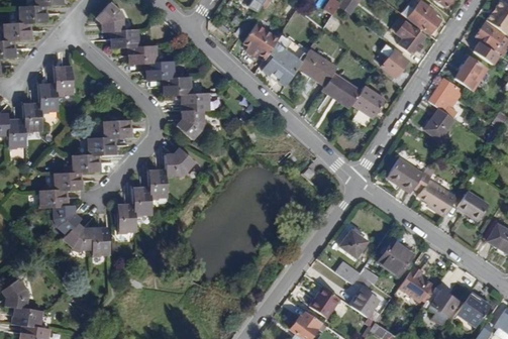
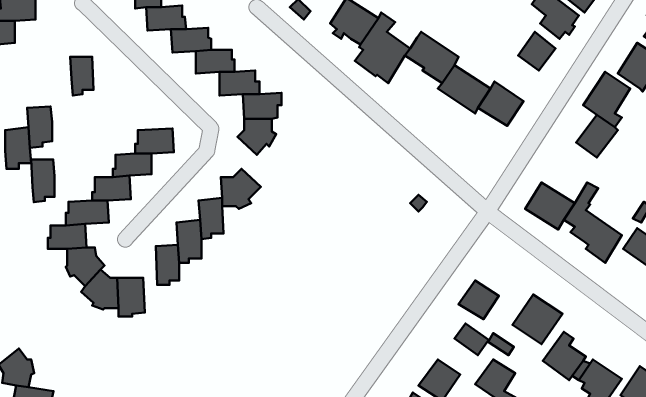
building: [39,83,57,114] -> [31,159,55,202]

